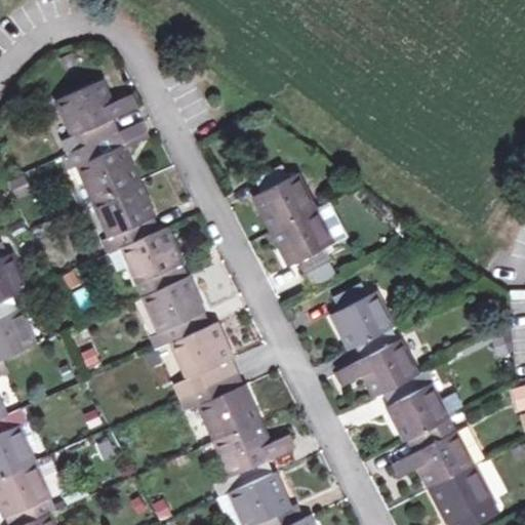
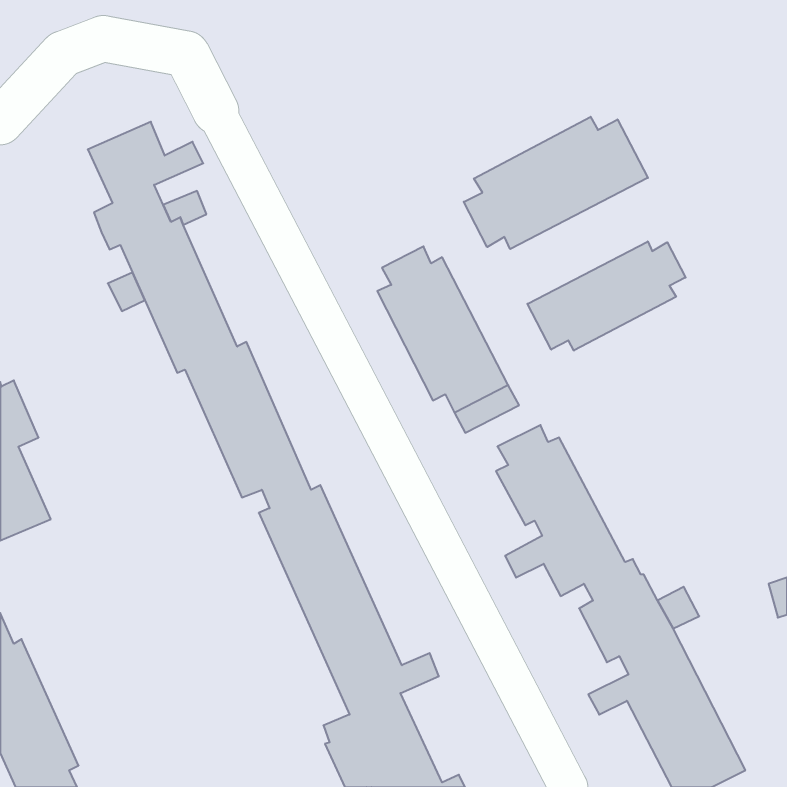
building: none -> [464,117,648,249]
building: none -> [527,241,686,351]

